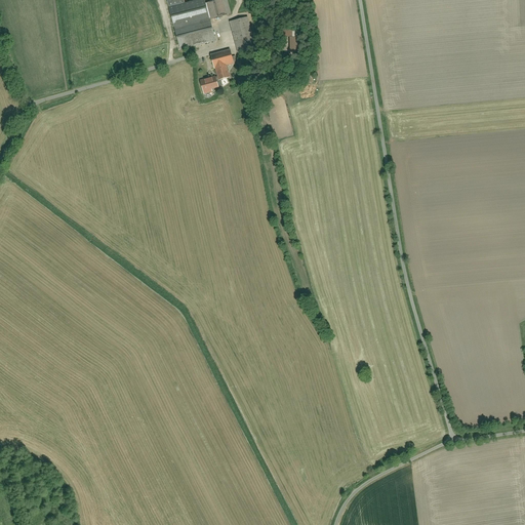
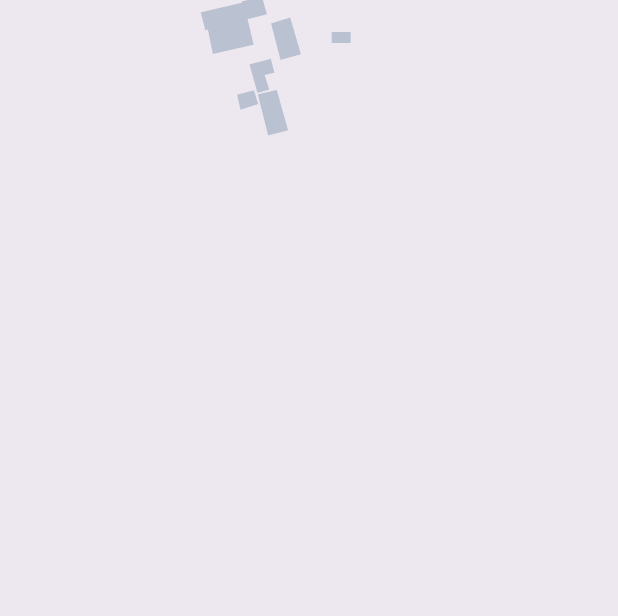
building: none -> [257,89,289,136]

